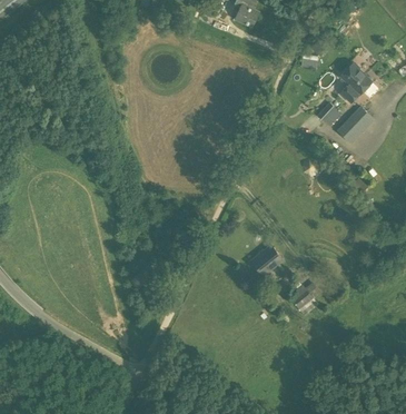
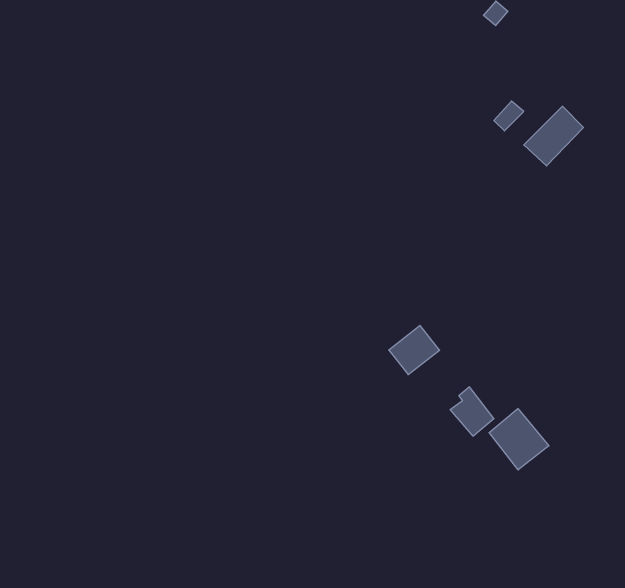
building: [338,62,372,103] -> none
building: none -> [489,409,549,470]

